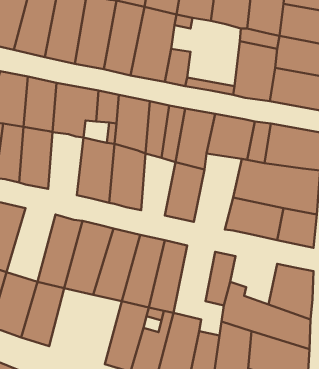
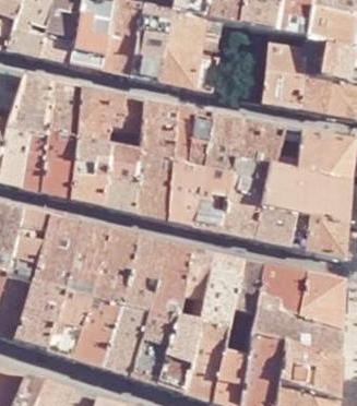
building: none -> [75,140,111,204]
building: none -> [170,162,205,225]
building: none -> [224,162,273,239]
building: none -> [33,217,83,292]
building: none -> [203,255,246,331]
building: none -> [261,266,309,315]
building: none -> [76,299,151,377]

